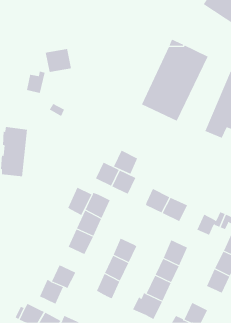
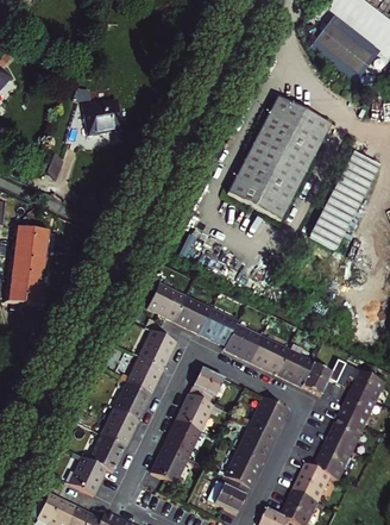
building: [113,150,138,175] -> [200,305,237,342]
building: [68,187,92,216] -> none
building: none -> [276,345,313,382]
building: none -> [188,367,225,404]
building: none -> [98,407,136,445]
building: none -> [294,462,331,501]

